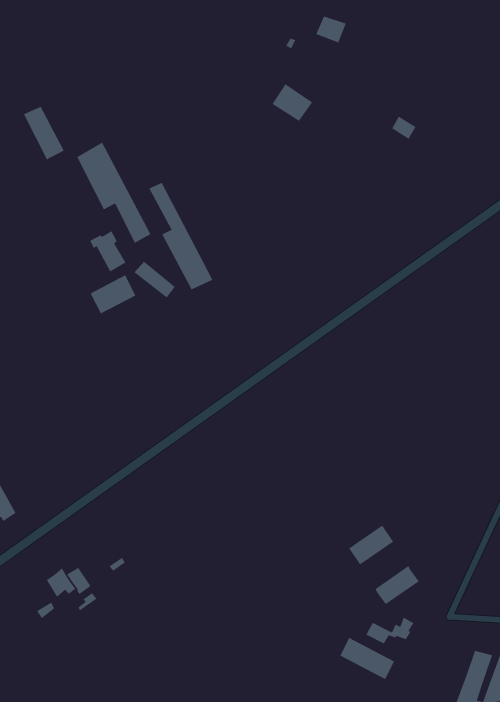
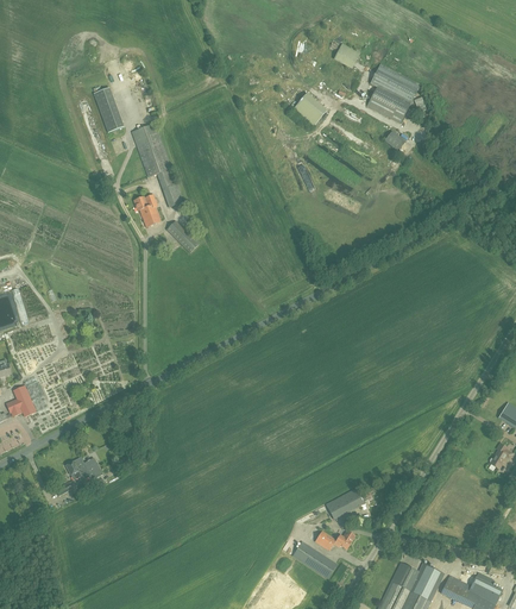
building: none -> [366,64,420,123]
building: [148,182,214,291] -> none
building: [89,274,136,315] -> none
building: [348,524,394,566] -> none

